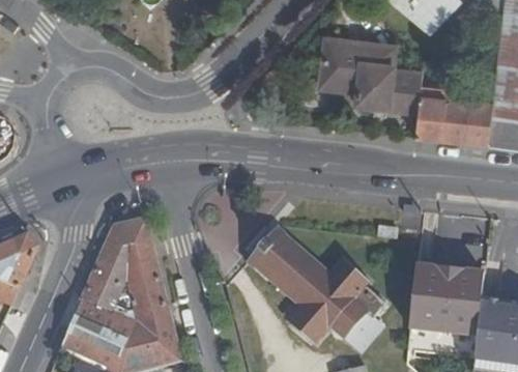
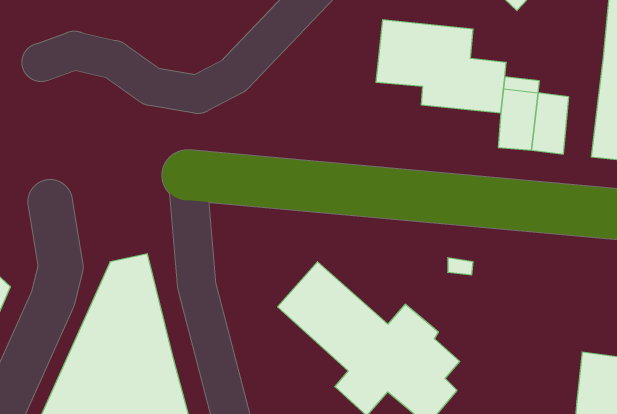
building: [467,97,494,144] -> none
building: [411,265,485,335] -> none

